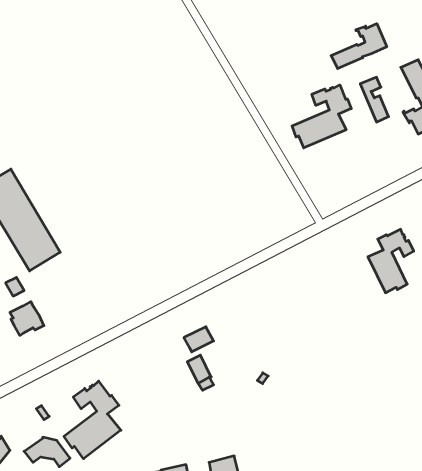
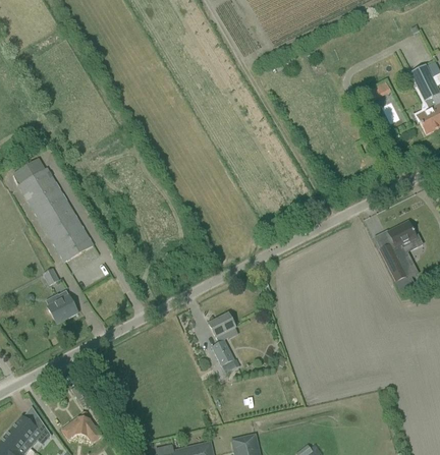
building: [331,24,387,69] -> none
building: [292,85,351,148] -> none
building: [64,381,121,459] -> none

